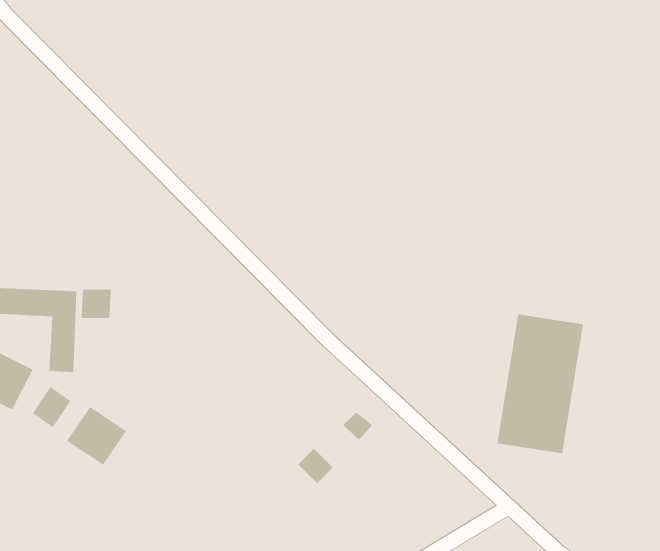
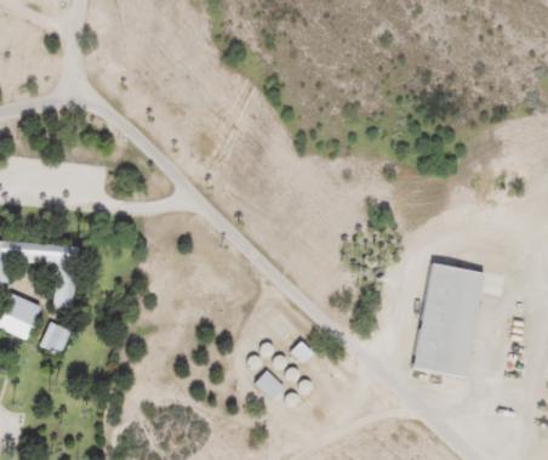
building: [81,289,111,319] -> none
building: [66,406,127,465] -> none

